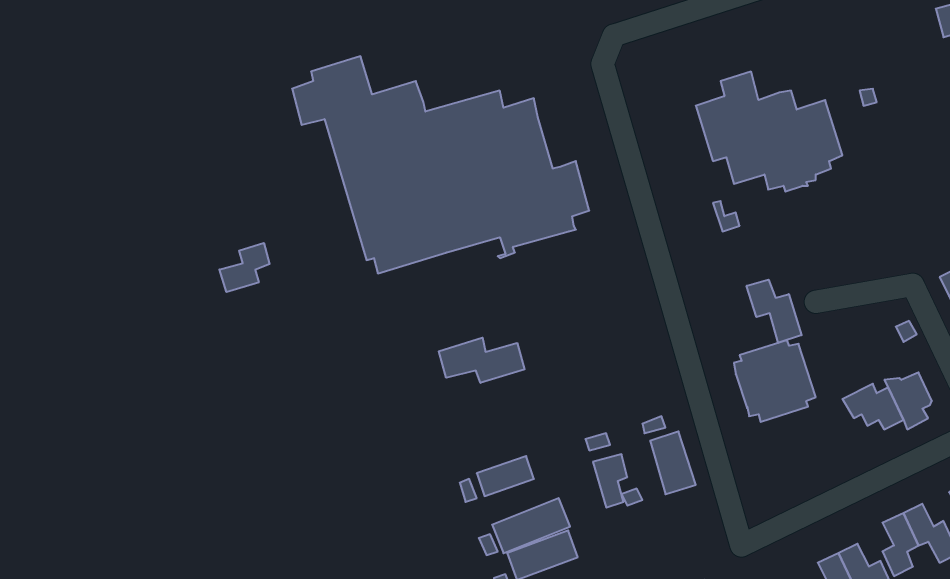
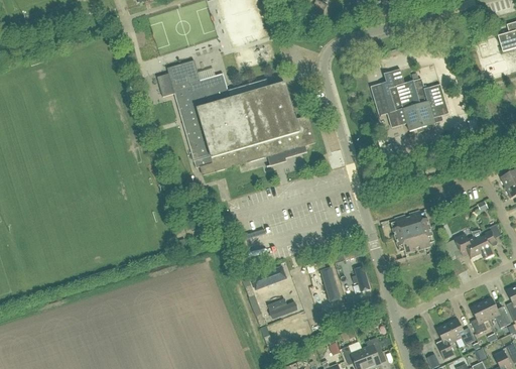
building: [219,243,270,292] -> none
building: [747,280,802,343] -> none
building: [439,338,525,383] -> none

